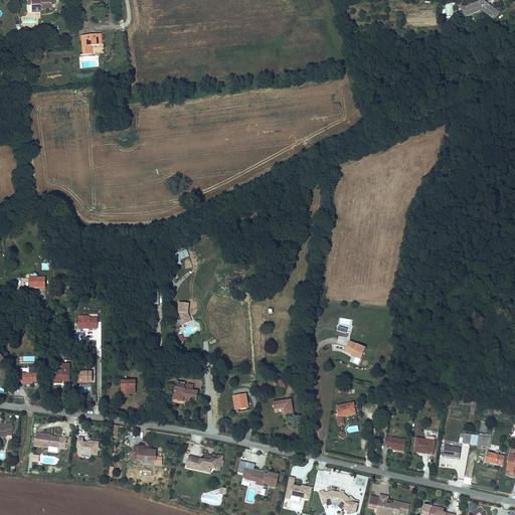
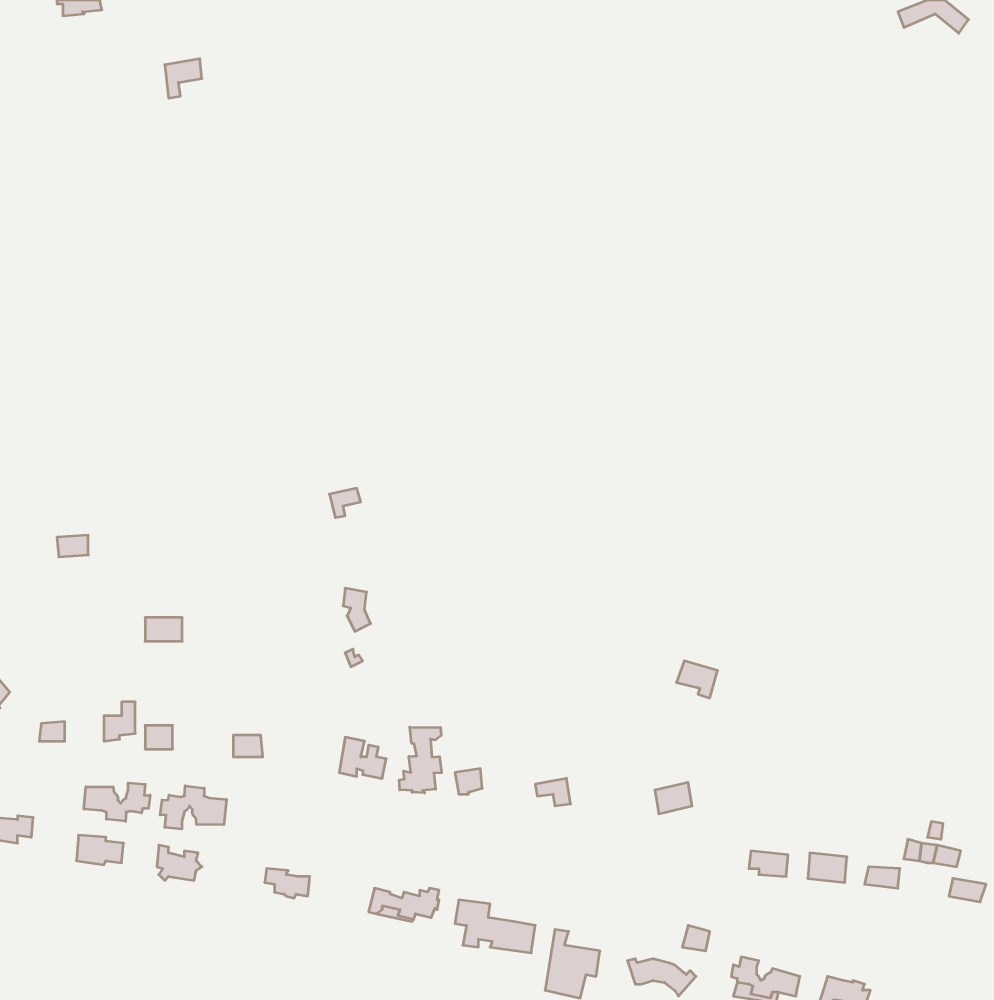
building: none -> [399,727,442,793]
building: none -> [84,783,150,821]
building: none -> [160,786,226,829]

